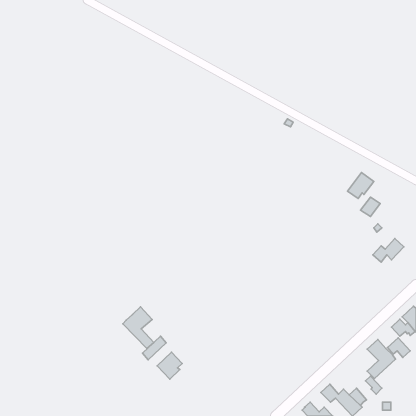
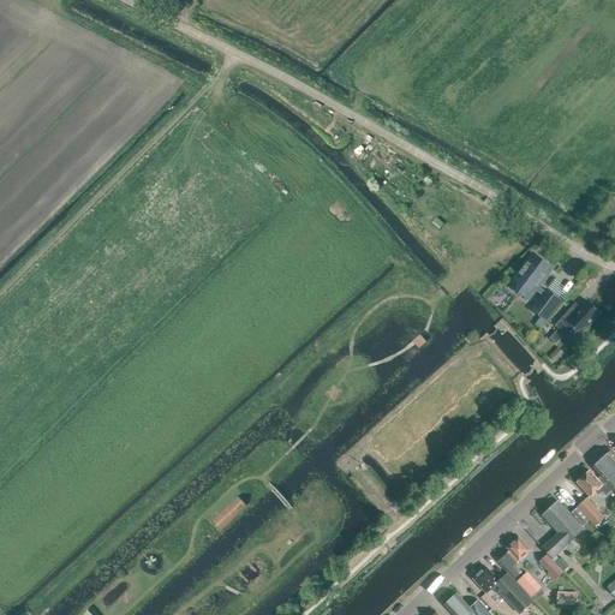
building: [373,239,404,262] -> [555,301,601,336]
building: [123,307,154,349] -> none
building: [157,352,182,379] -> none
building: none -> [500,537,531,579]

